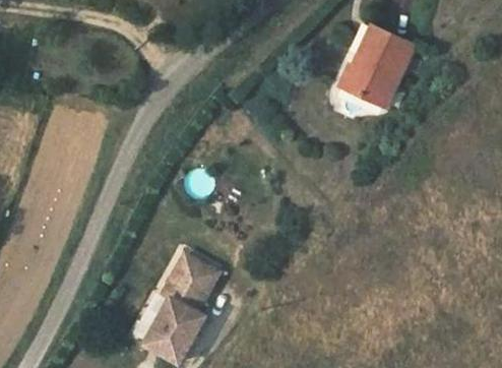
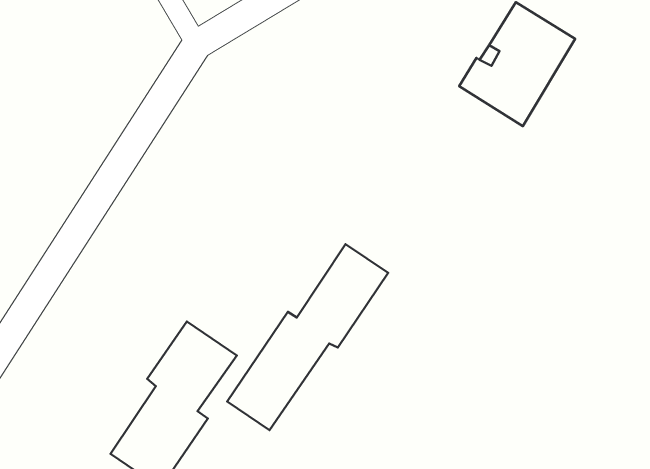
building: none -> [227,244,388,430]

